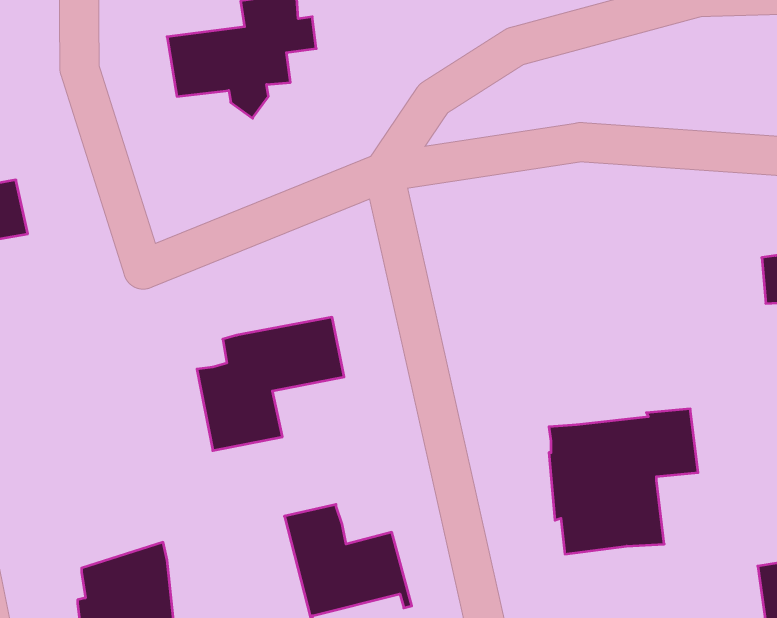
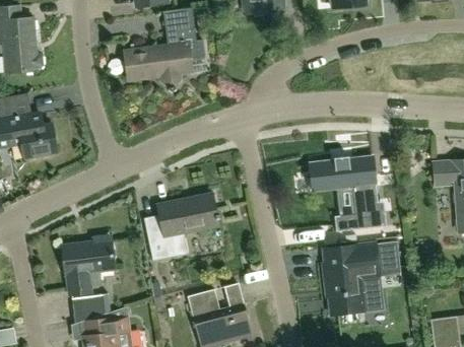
building: none -> [310,156,386,228]
building: none -> [62,239,114,293]
building: none -> [71,294,105,323]

